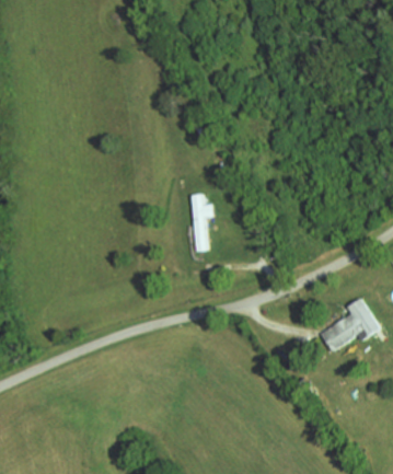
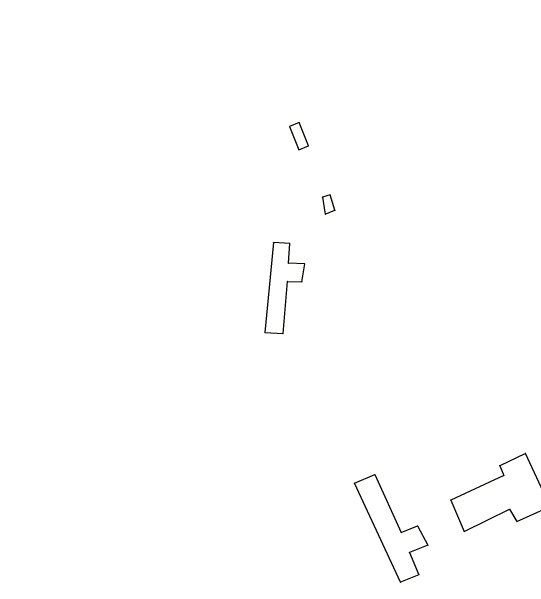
building: none -> [355,475,428,582]

